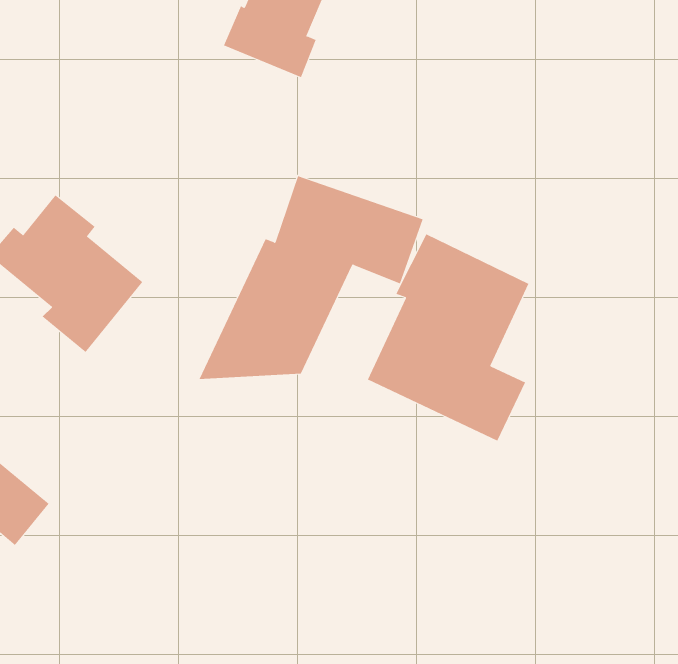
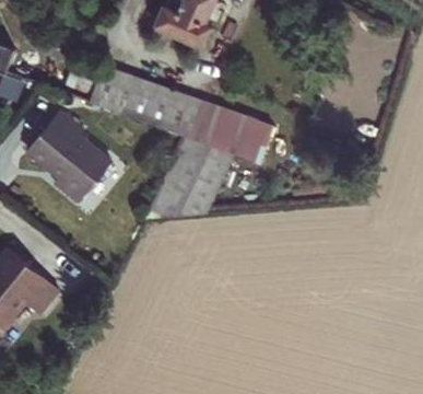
building: none -> [89,66,201,140]
building: [367,234,529,442] -> none

